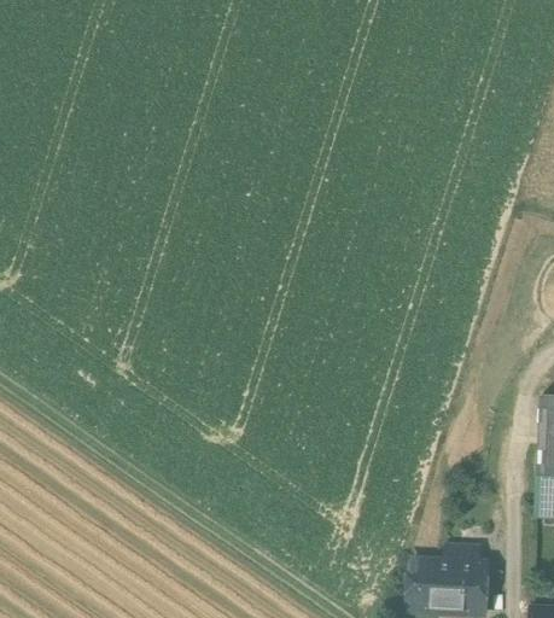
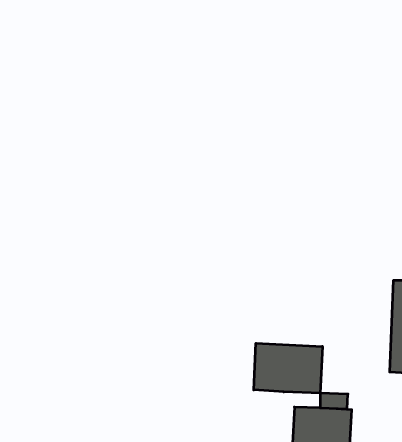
building: none -> [254,343,322,393]

